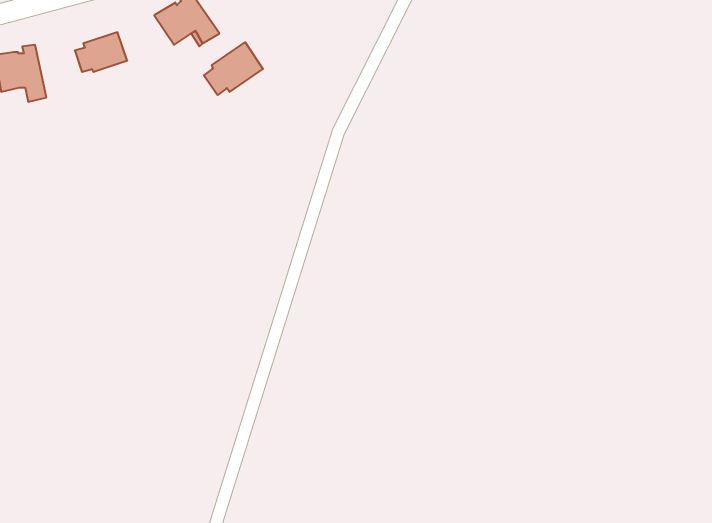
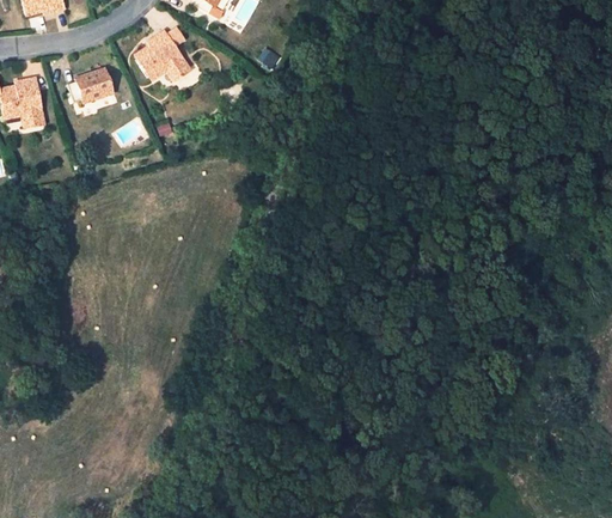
building: [204,42,263,95] -> none

